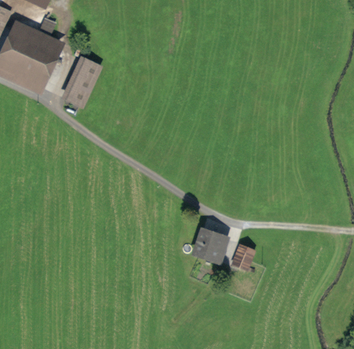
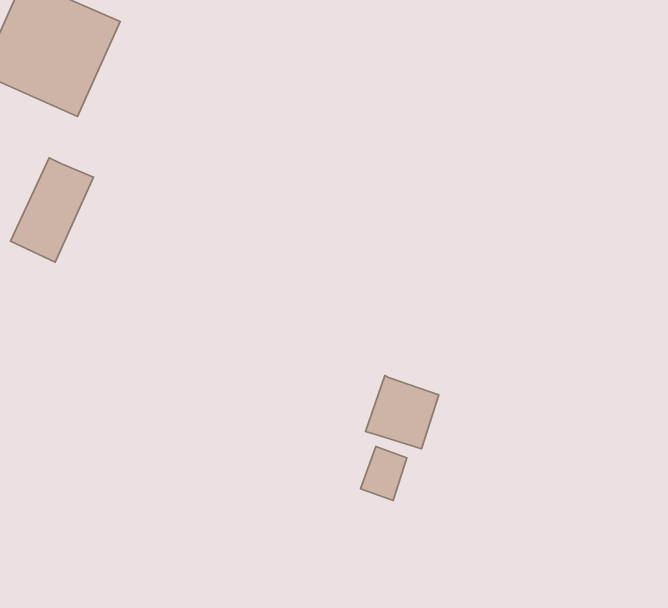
building: [61,55,104,109] -> [11,158,94,262]
building: [230,243,254,271] -> [360,446,407,501]

